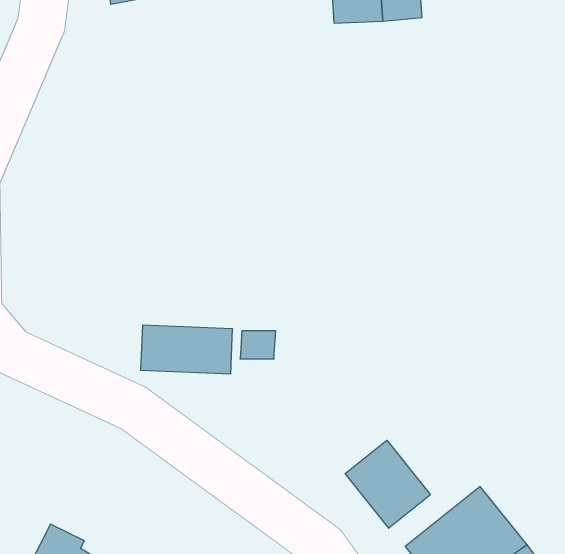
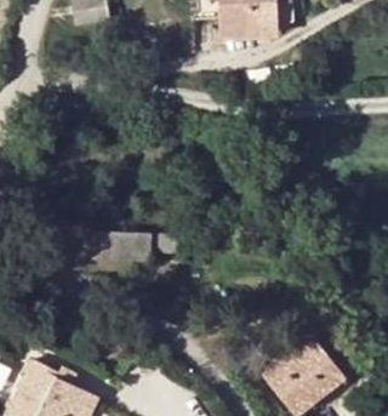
building: [345,440,430,528] -> none

